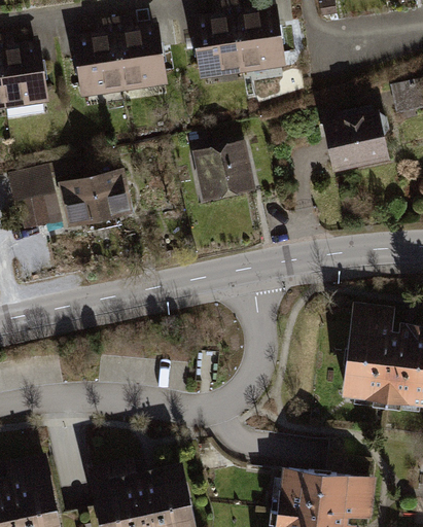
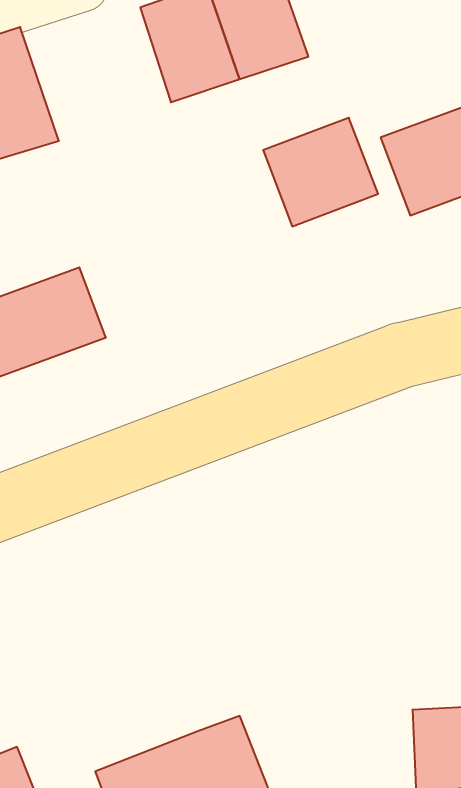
building: [114,15,168,92] -> none
building: [192,142,258,203] -> [263,118,378,226]

